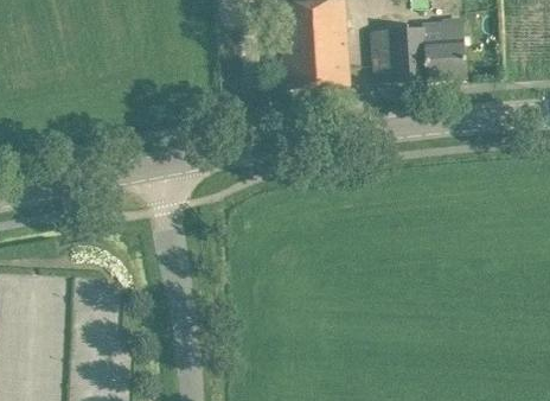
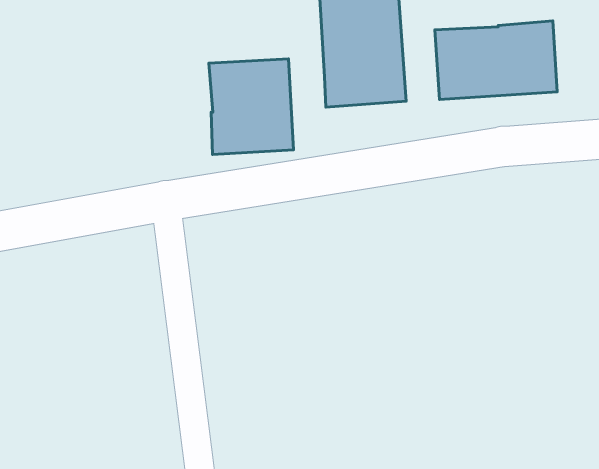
building: none -> [209,59,294,154]

